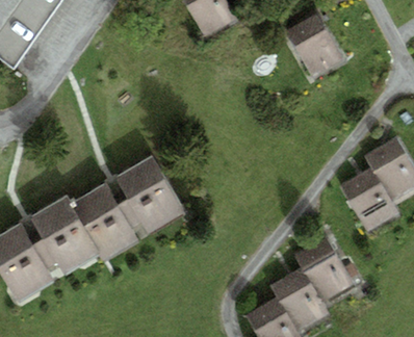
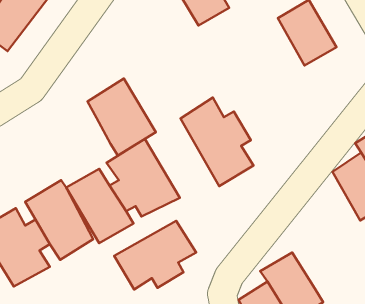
building: none -> [87,79,156,155]
building: none -> [181,97,254,186]
building: none -> [114,221,196,290]
building: [292,236,353,303] -> none

